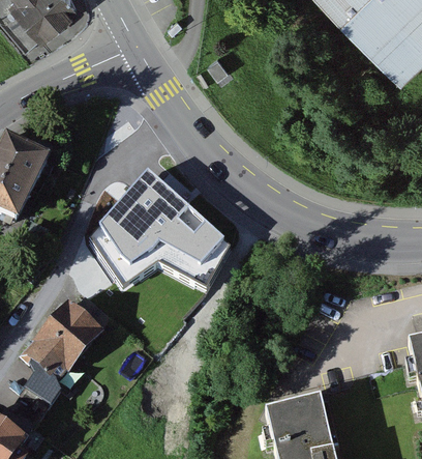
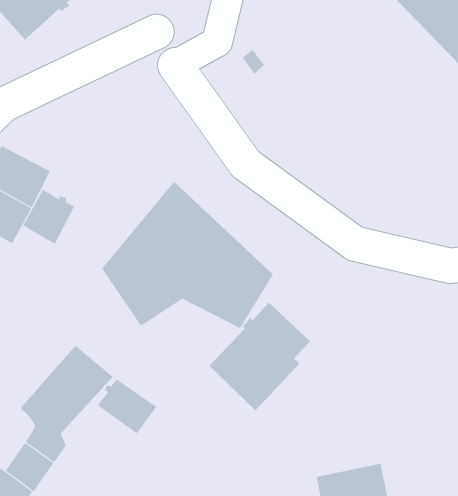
building: none -> [22,189,75,244]
building: none -> [208,302,311,411]
building: none -> [97,379,157,434]

